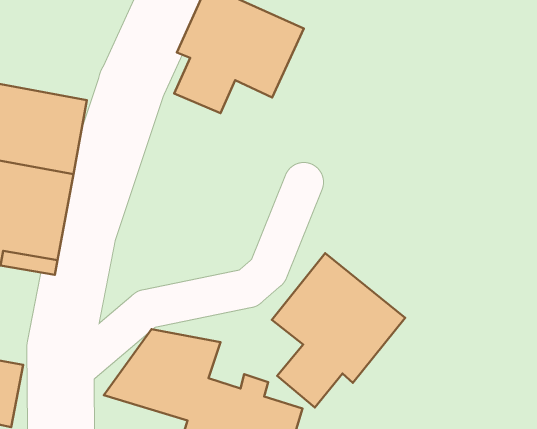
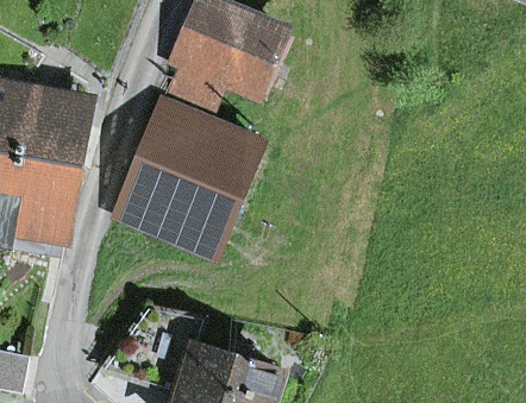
building: none -> [117,103,258,252]
building: [272,253,405,408] -> none

